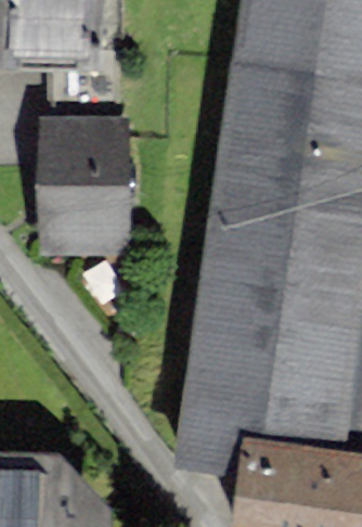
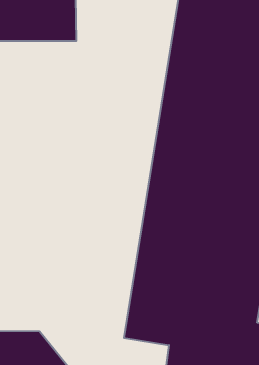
building: [48,126,135,252] -> none

